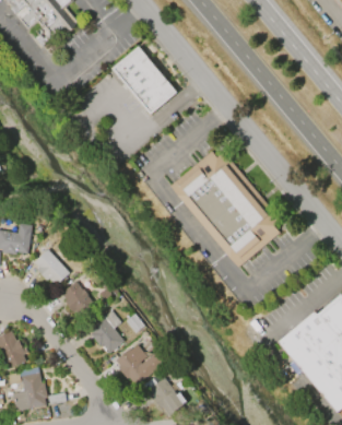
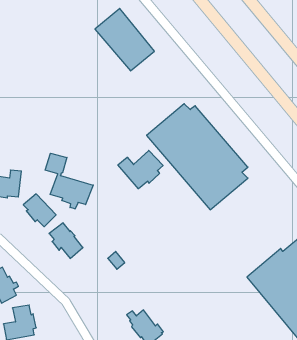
building: none -> [118,150,163,189]
building: none -> [45,153,93,209]
building: [89,309,123,351] -> none
building: [115,344,174,385] -> none

